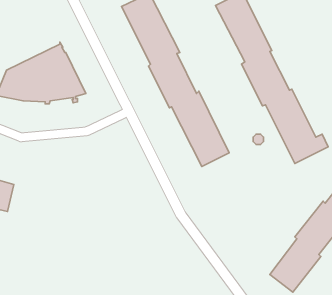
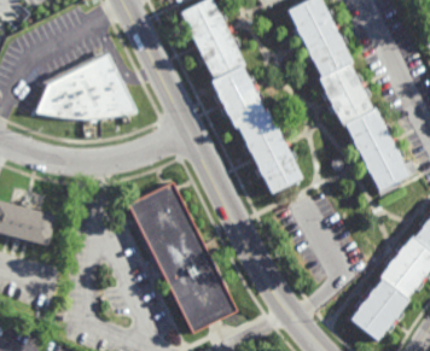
building: none -> [128,183,238,335]

